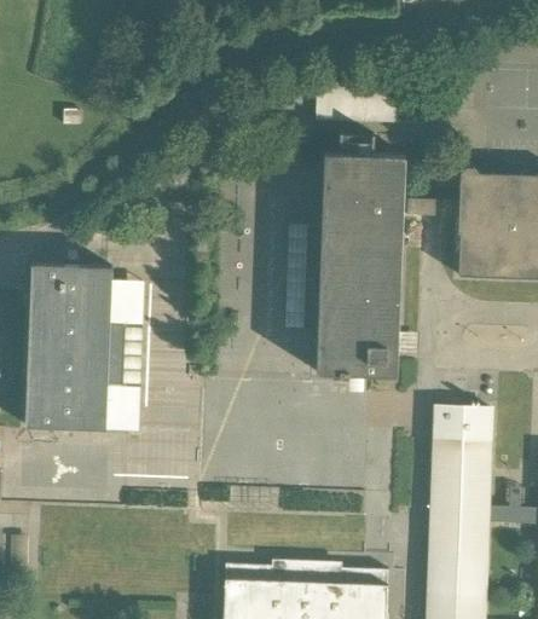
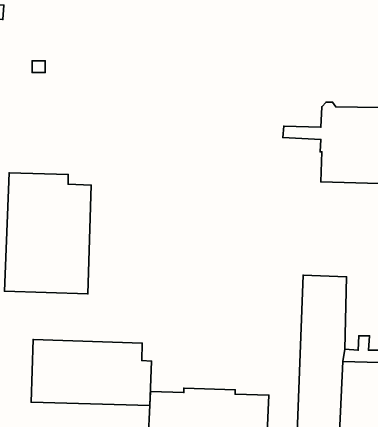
building: [284,134,404,378] -> none
building: none -> [31,340,151,405]

